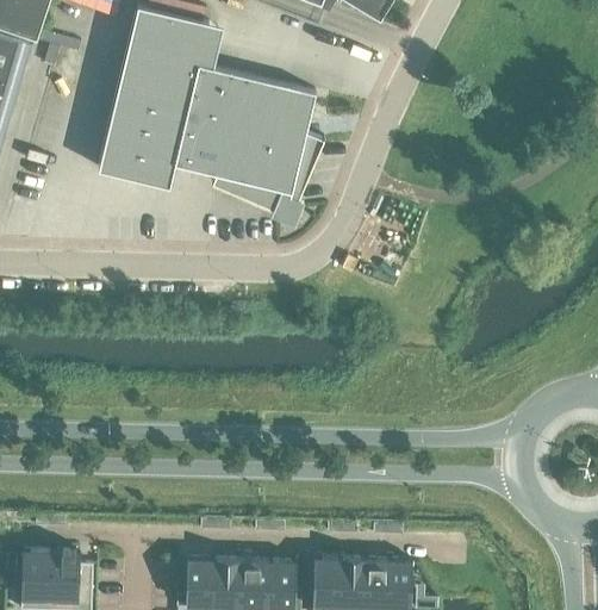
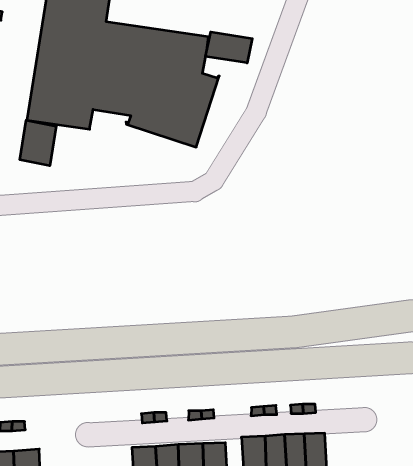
building: none -> [206,32,252,63]
building: none -> [20,120,56,166]

